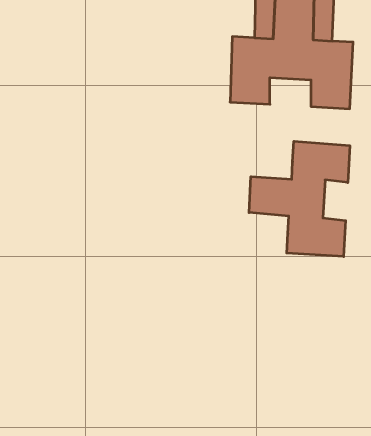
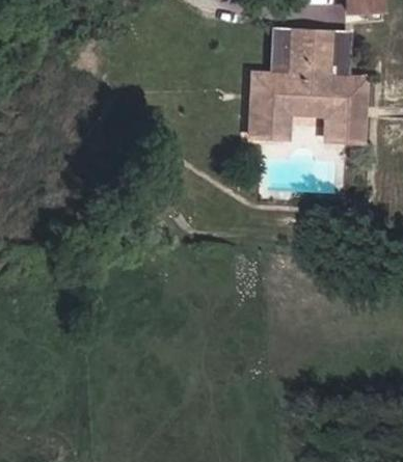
building: [249,141,350,257] -> none

